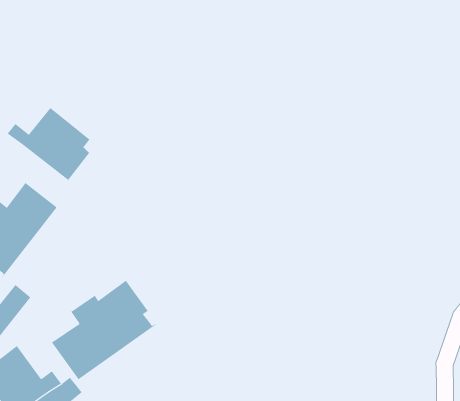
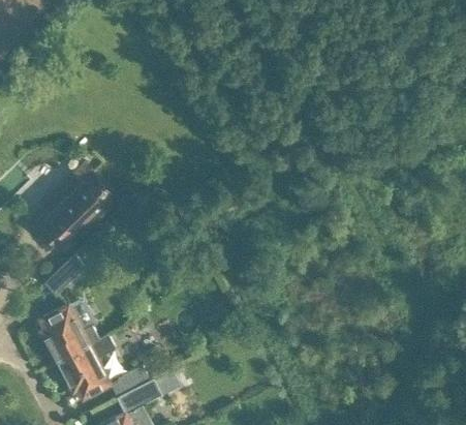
building: [7,107,90,181] -> none
building: [51,280,157,380] -> none

